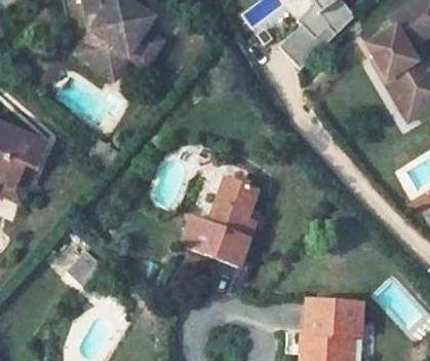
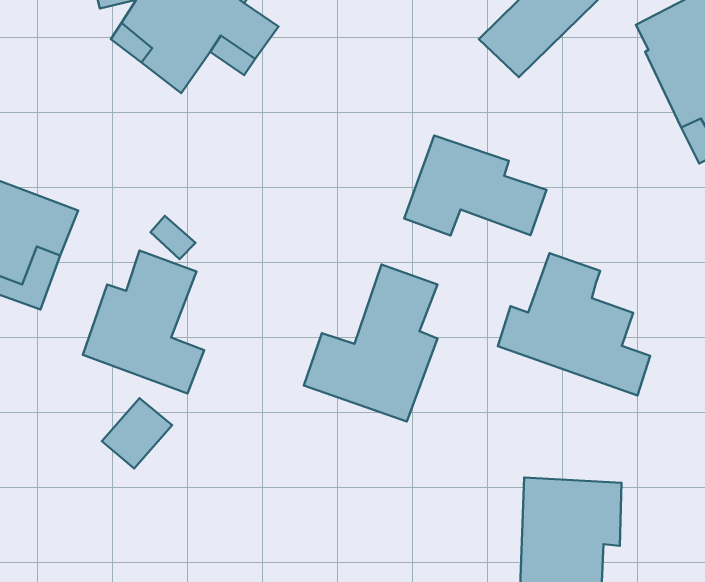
building: none -> [404,135,547,235]
building: none -> [83,251,204,394]
building: none -> [498,253,650,396]

